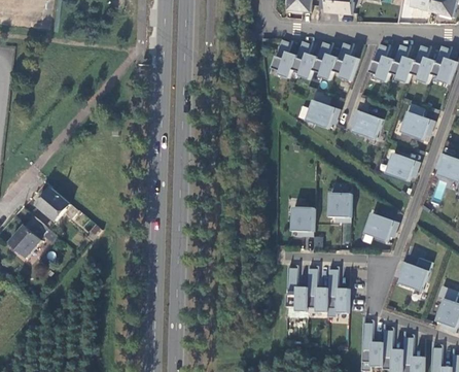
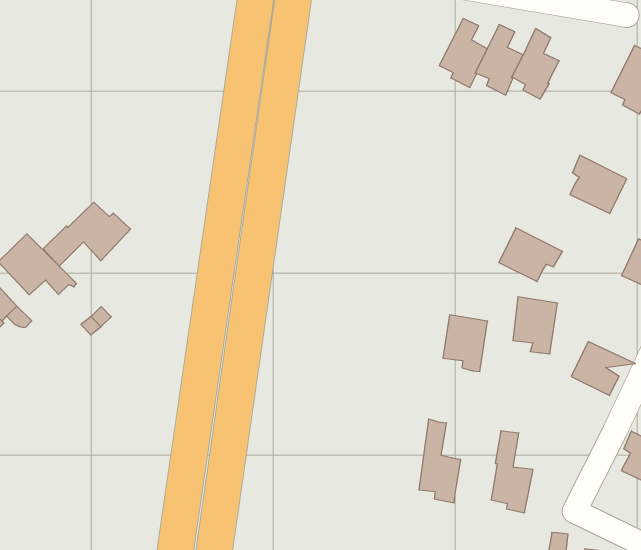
building: [332,41,358,80] -> none
building: [306,99,341,128] -> [499,228,563,282]
building: none -> [43,202,131,266]
building: [307,267,328,311] -> none

